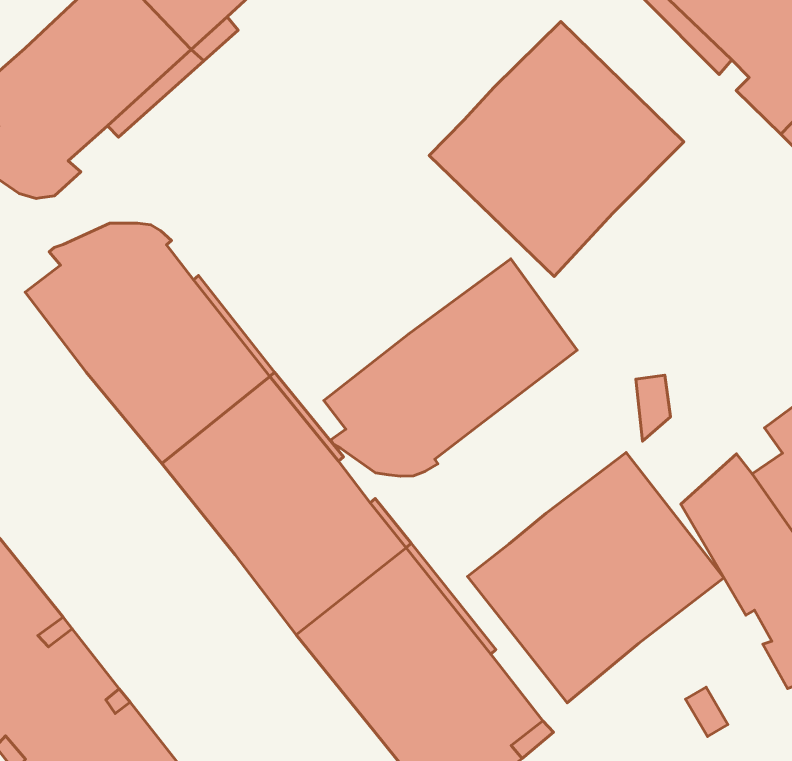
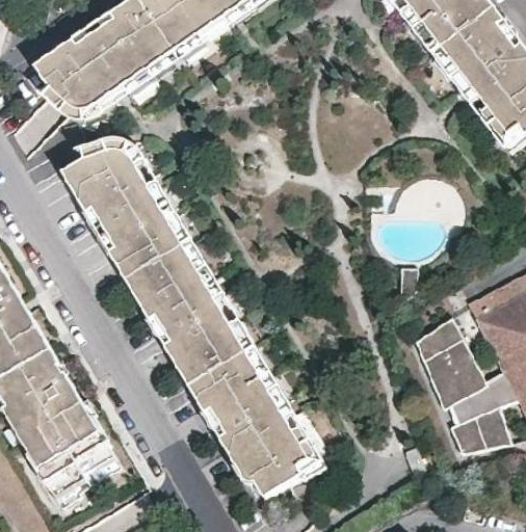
building: [429,21,684,277] -> none
building: [324,259,577,476] -> none
building: [467,452,724,703] -> none

